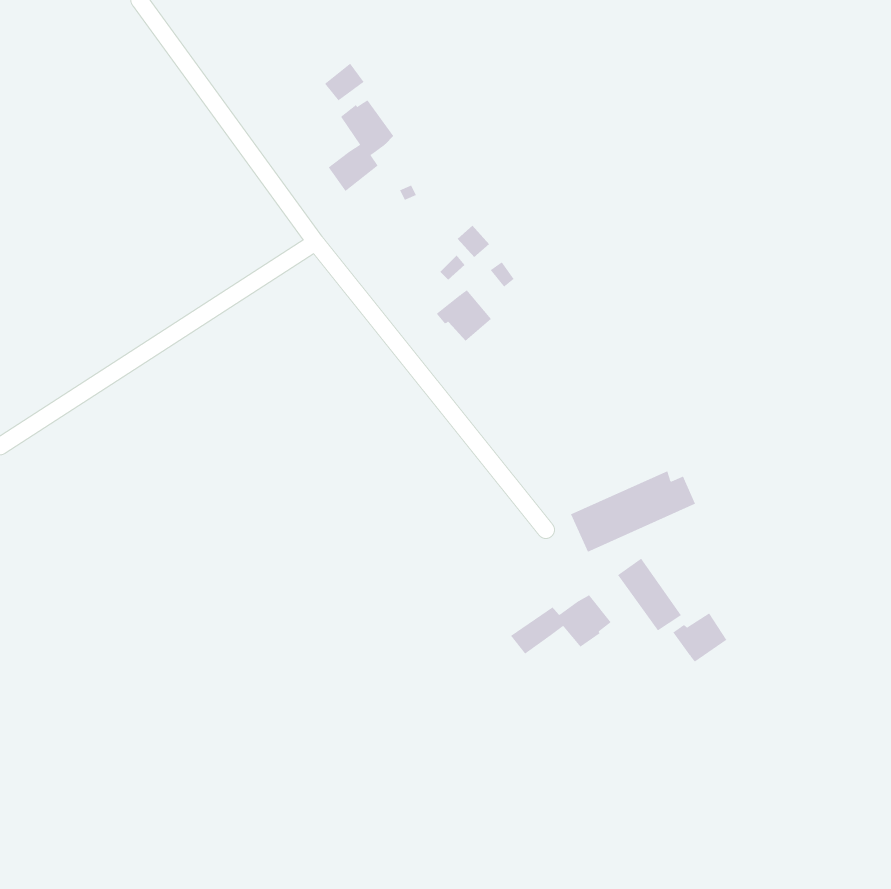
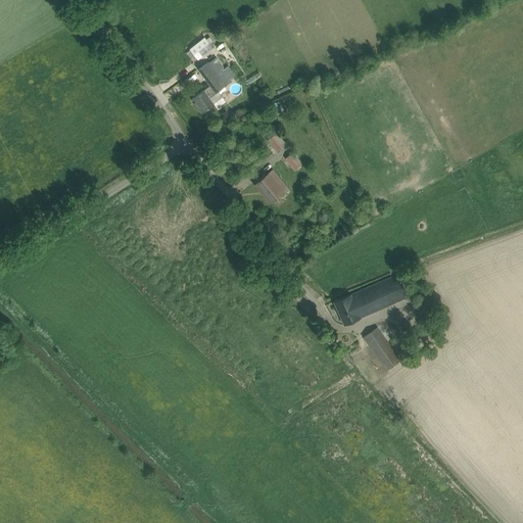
building: [510,594,611,654] -> none
building: [672,613,727,663] -> none

